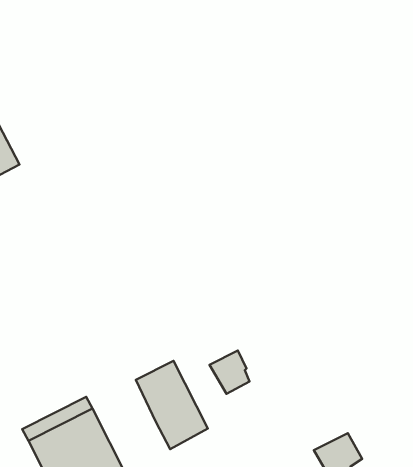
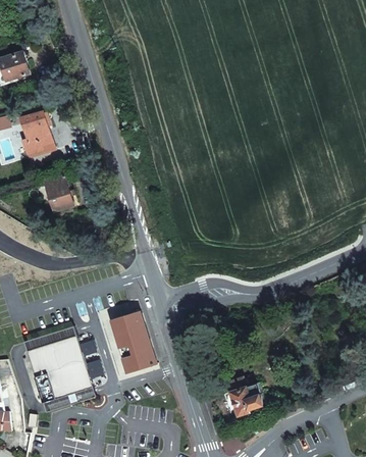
building: none -> [44,174,73,212]
building: [210,351,250,394] -> none

